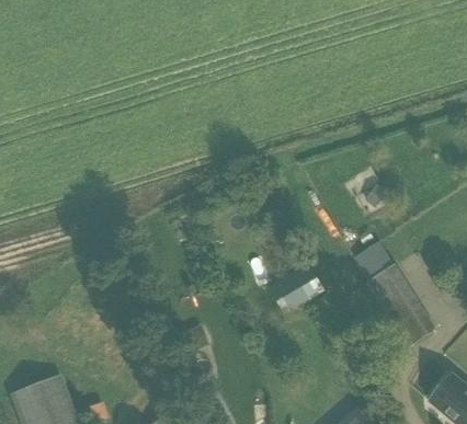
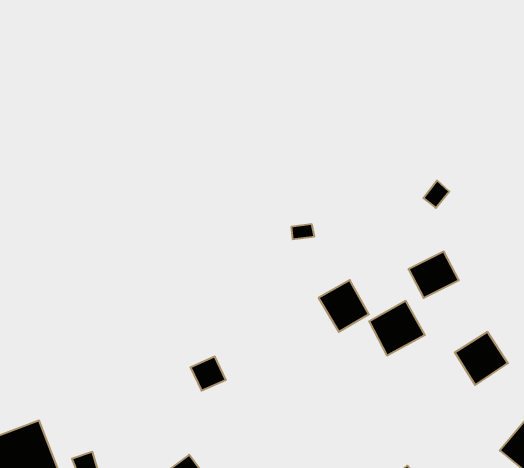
building: [373,265,418,309] -> [369,301,425,355]

